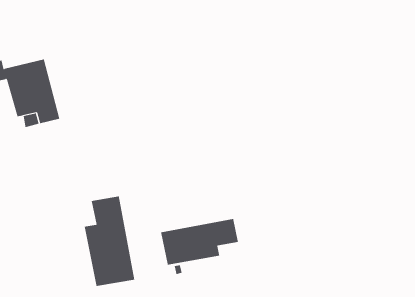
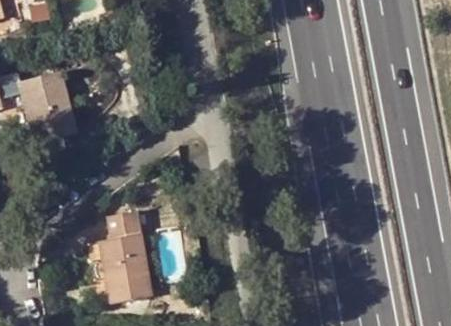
building: [161,218,239,266] -> none

